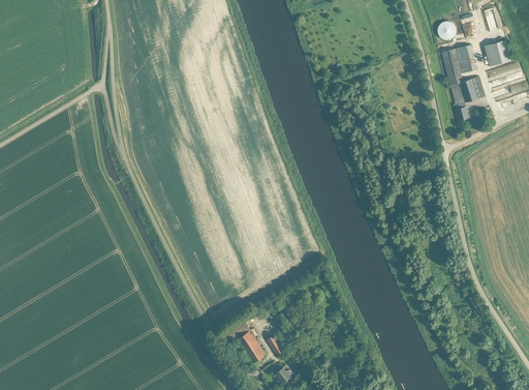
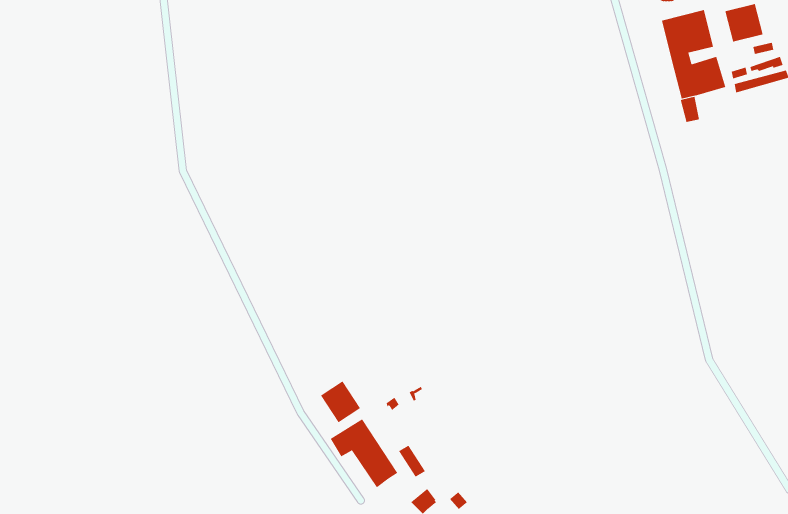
building: none -> [320,380,361,423]

